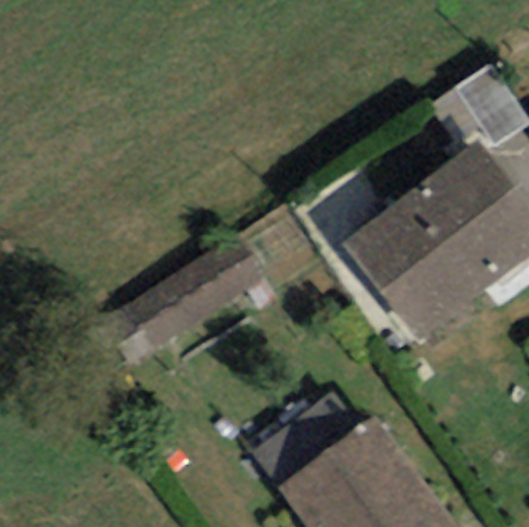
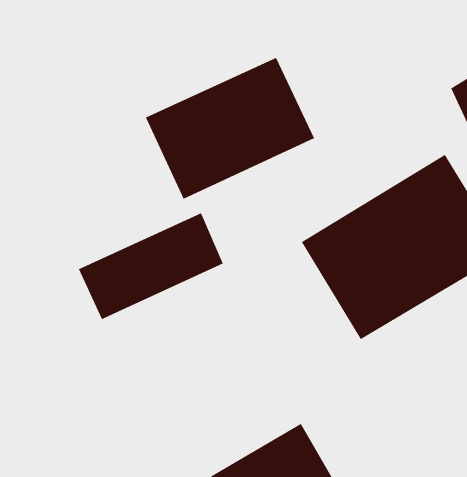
building: none -> [145,57,315,200]

